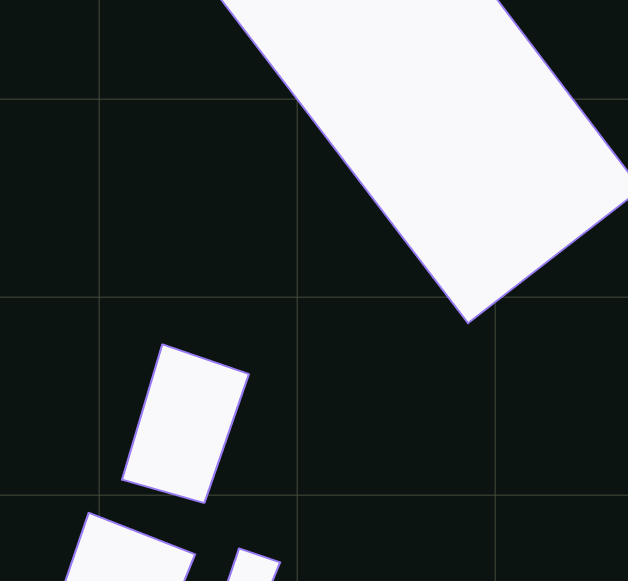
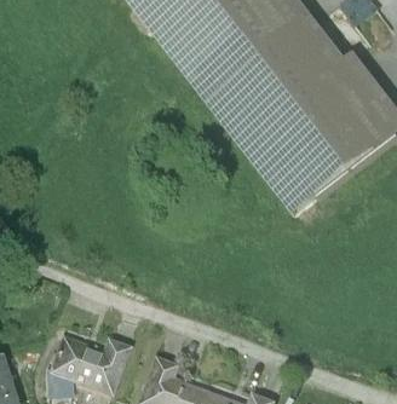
building: [122,344,249,503] -> none

